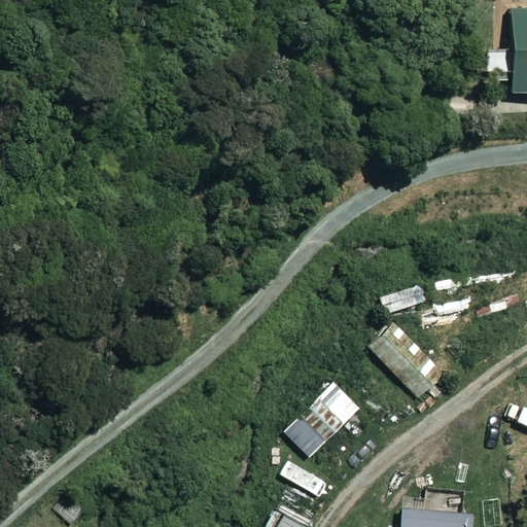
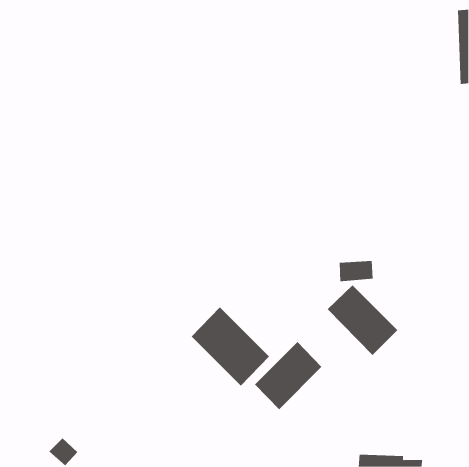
building: none -> [191,307,270,386]

